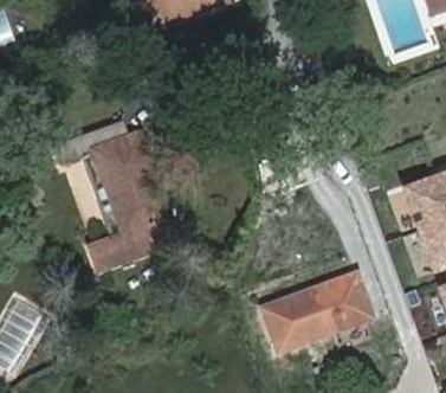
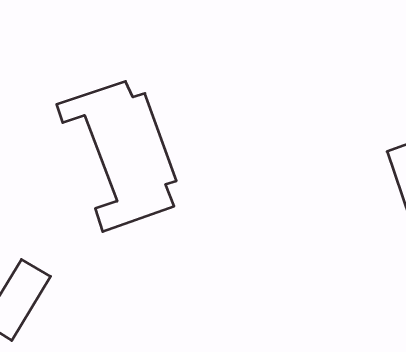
building: [266,271,377,350] -> none

